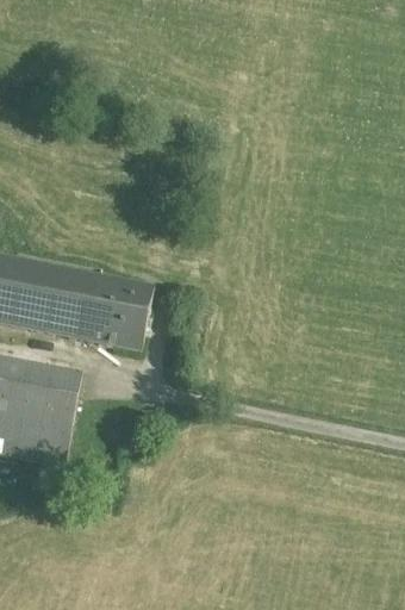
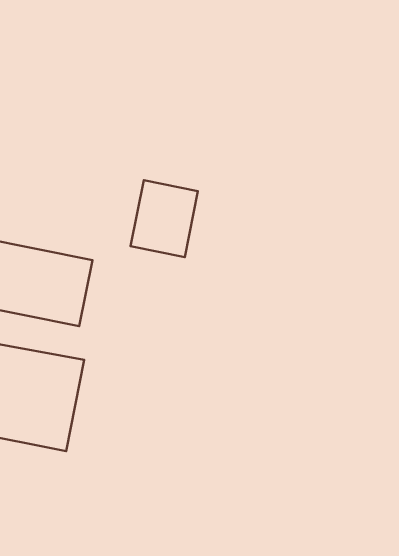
building: [80,274,147,350] -> [131,180,198,257]

